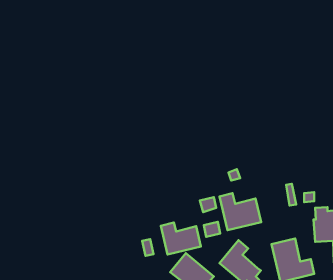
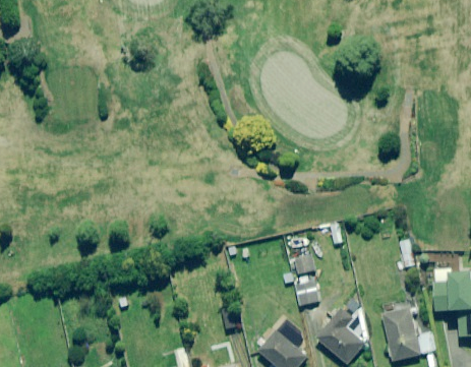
building: [220,193,261,230] -> none
building: [161,223,201,255] -> none

